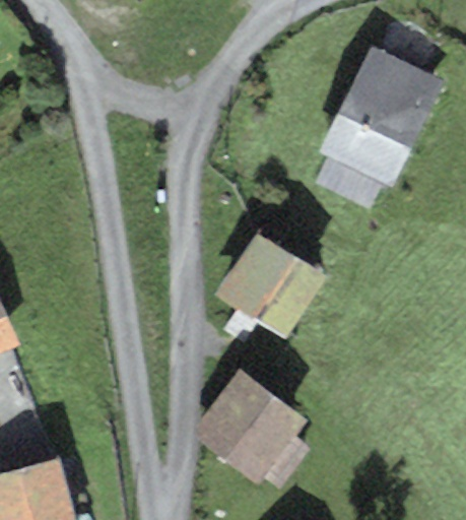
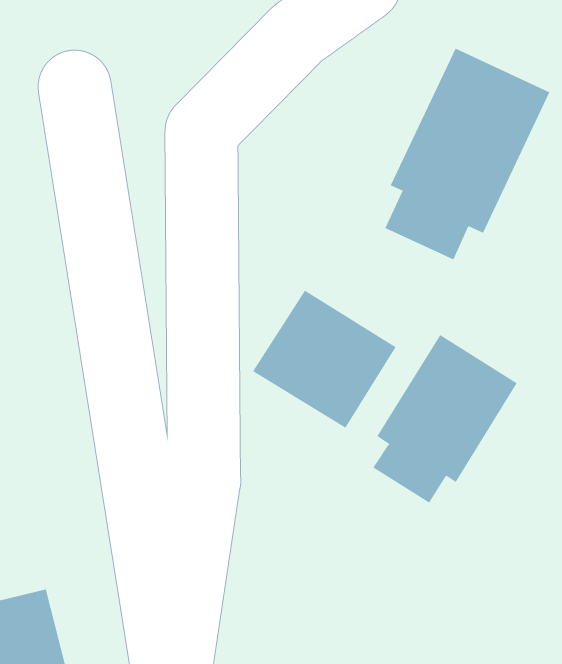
building: none -> [373,334,518,503]
building: [193,371,312,490] -> none

